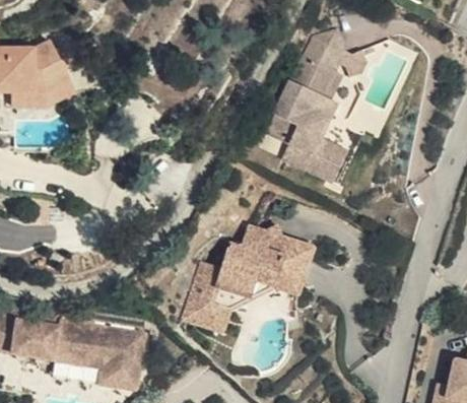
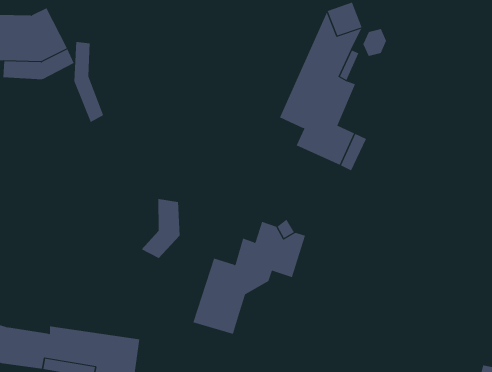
building: none -> [74,41,104,123]
building: none -> [141,198,180,259]
building: [232,239,316,309] -> none

